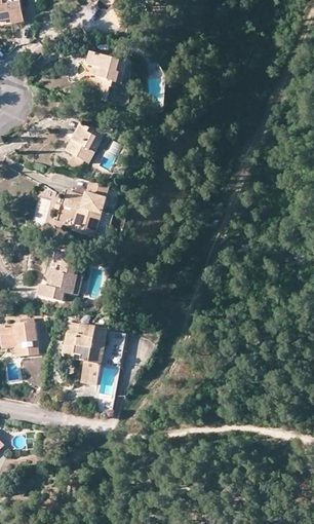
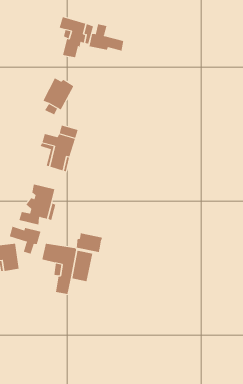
building: none -> [89,23,124,52]
building: none -> [9,226,41,255]
building: none -> [76,233,103,253]

